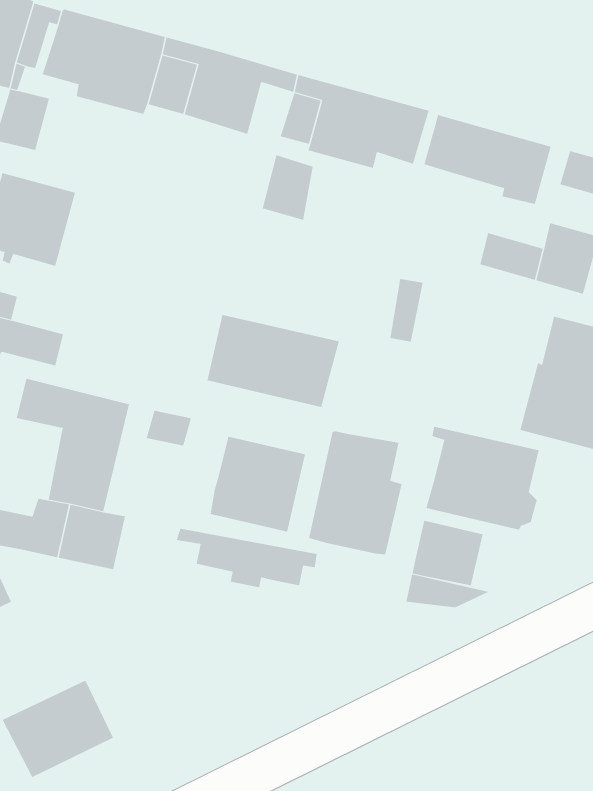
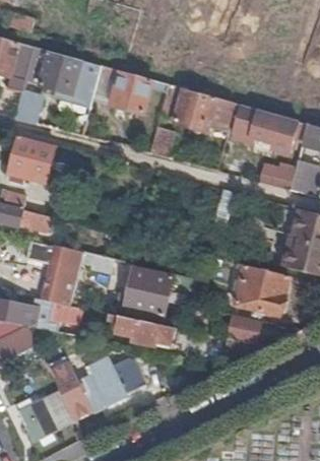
building: [207,314,339,408] -> none
building: [308,431,402,555] -> none
building: none -> [49,358,143,421]

